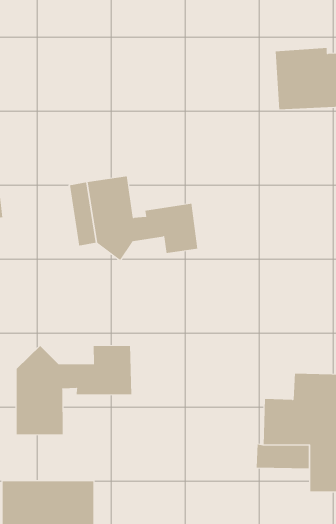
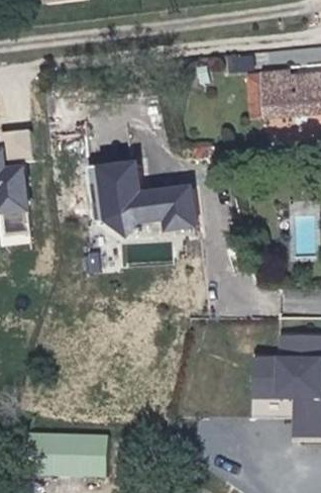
building: [16,345,132,435] -> none

